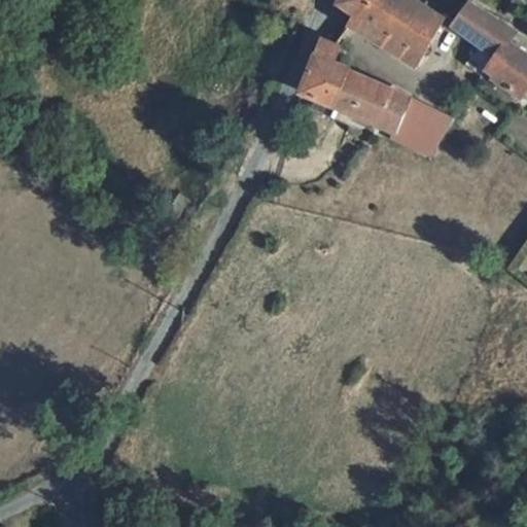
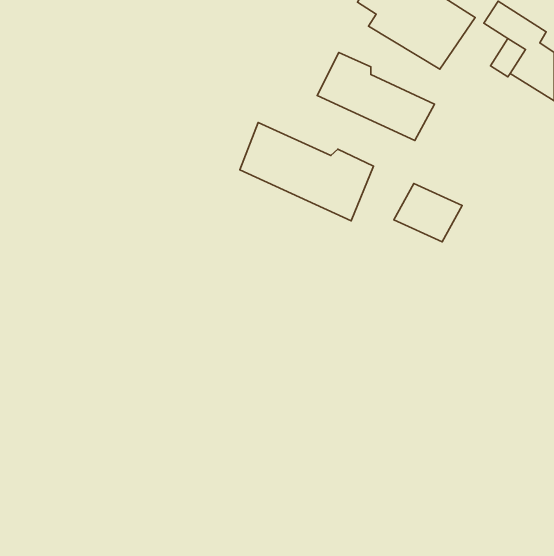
building: [389,98,453,152] -> [394,184,462,242]
building: none -> [240,122,374,221]

